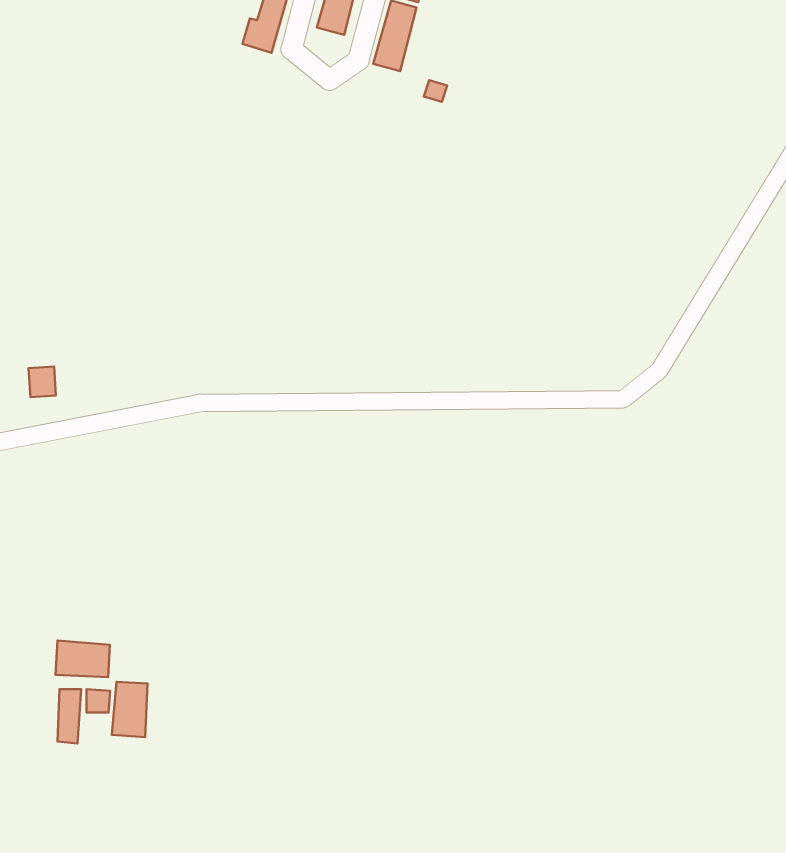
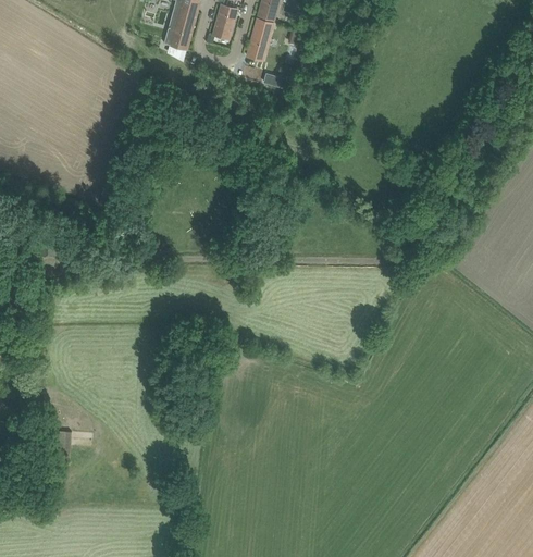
building: [55,640,110,677] -> none
building: [112,682,148,737] -> none

